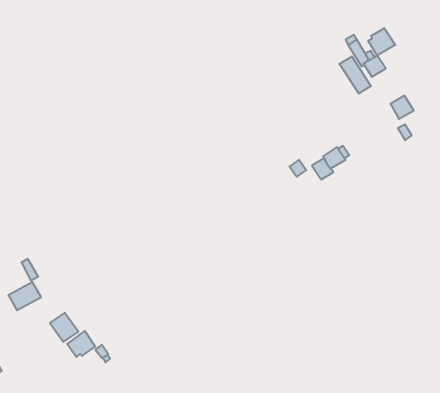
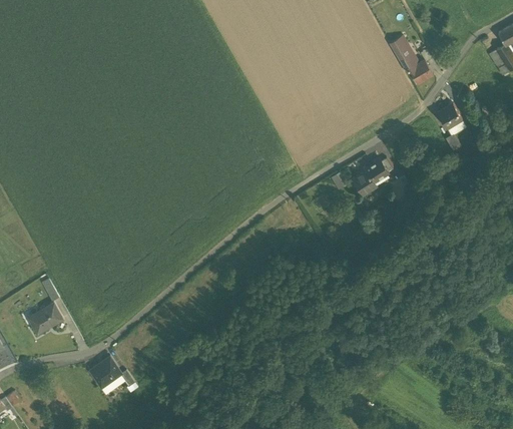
building: [368,28,395,55] -> none
building: [340,56,371,94] -> none
building: [50,313,78,342] -> none

